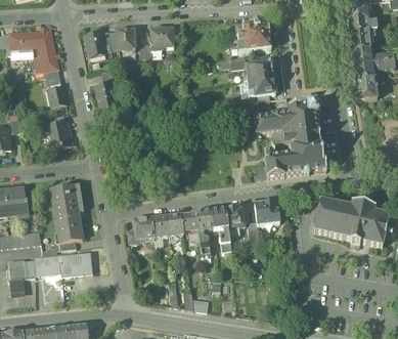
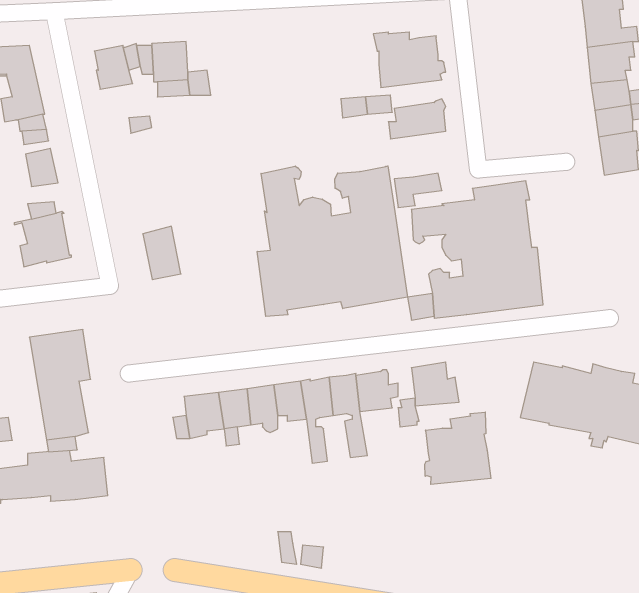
building: [149,28,173,51] -> none
building: [244,77,276,96] -> none
building: [95,81,116,110] -> [143,226,181,280]
building: none -> [257,166,408,316]
building: none -> [425,412,491,484]

